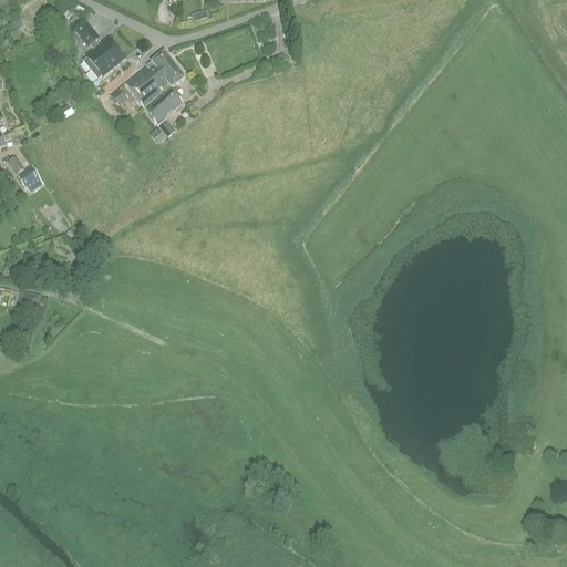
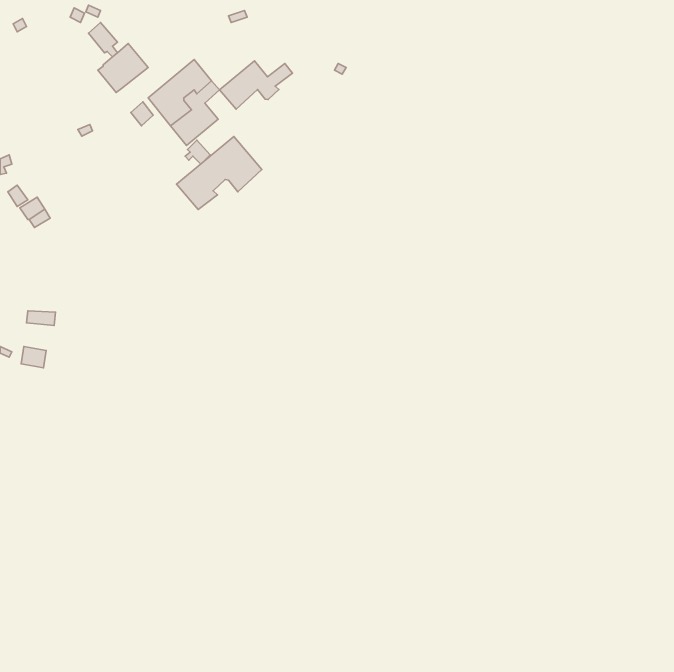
building: none -> [219,61,292,109]
building: none -> [177,137,262,209]

